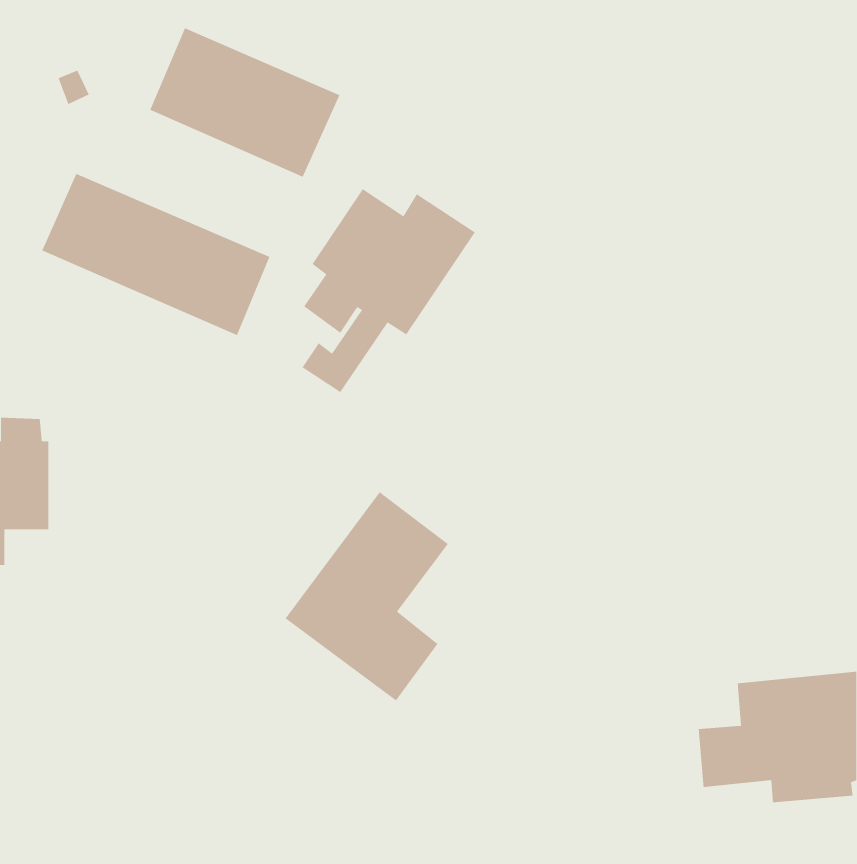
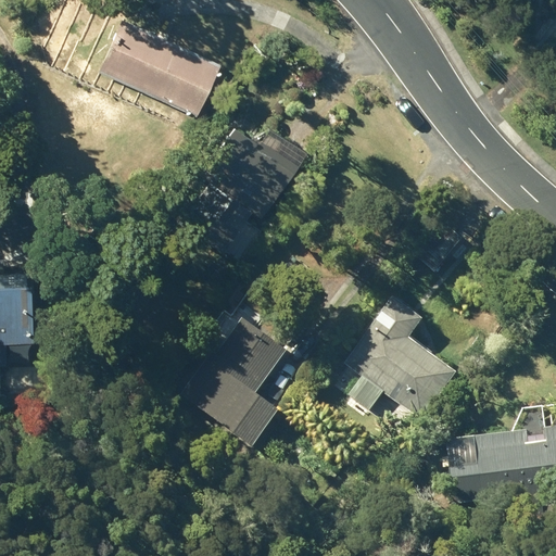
building: [41,173,270,336] -> none
building: none -> [344,298,458,421]

